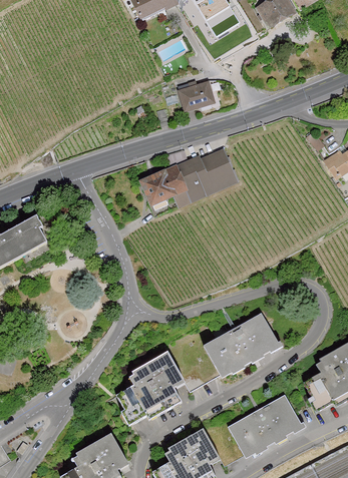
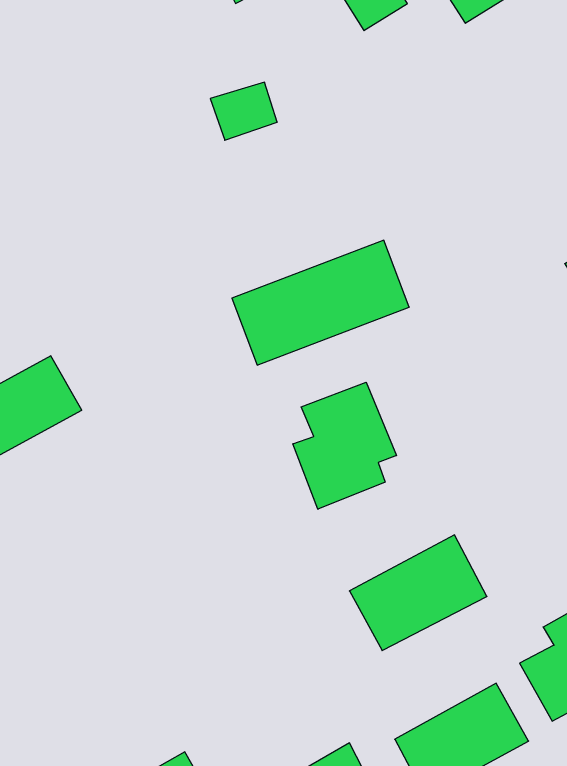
building: [177,81,214,113] -> [210,82,277,140]
building: none -> [293,382,396,509]
building: [117,348,192,421] -> none

